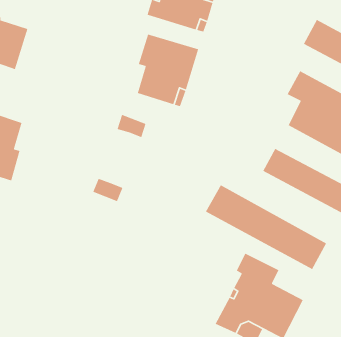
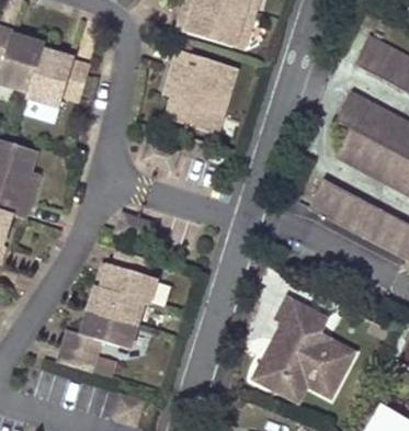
building: none -> [26,49,89,106]
building: [205,184,327,270] -> none
building: none -> [58,250,155,372]

